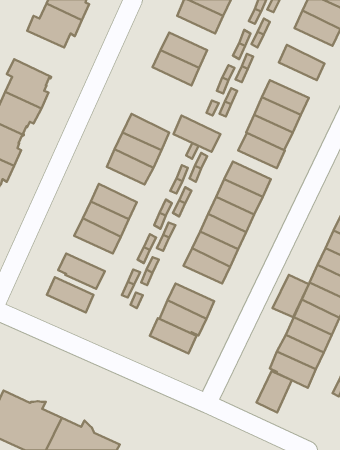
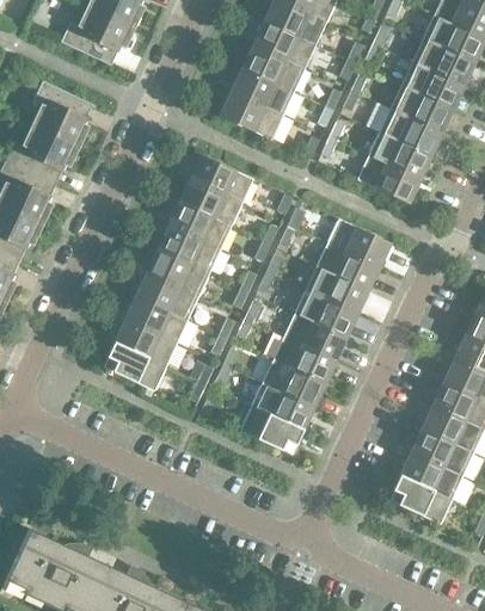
building: none -> [253,21,315,68]
building: none -> [412,38,474,86]
building: [174,116,220,152] -> [220,91,283,140]
building: [238,133,285,168] -> [389,85,453,132]
building: none -> [158,226,220,273]
building: [272,275,309,317] -> none
building: [47,277,94,312] -> [113,319,177,366]
building: [150,318,197,353] -> [262,359,325,407]
building: [256,371,292,412] -> none

